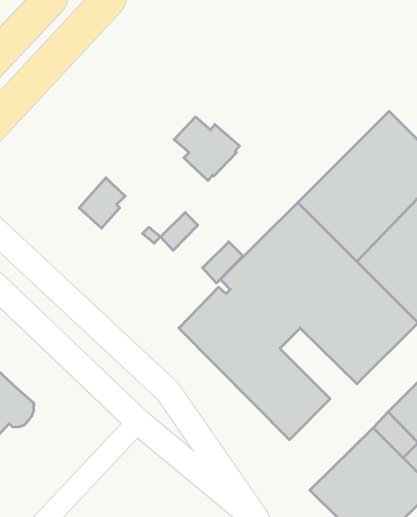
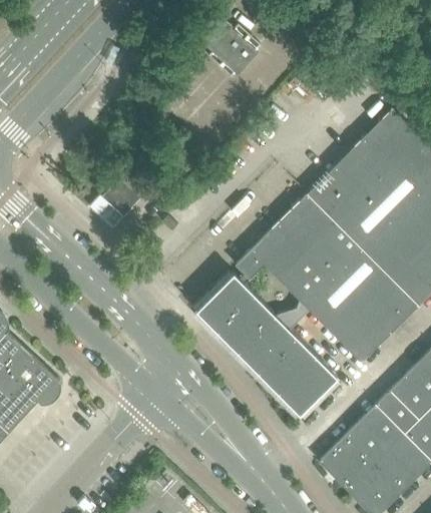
building: [174,117,240,180] -> [199,20,261,79]
building: [161,212,198,250] -> none
building: [202,242,243,283] -> none

